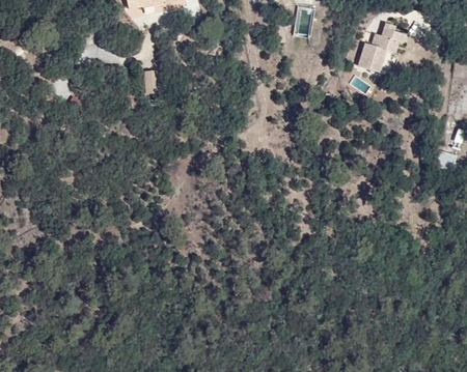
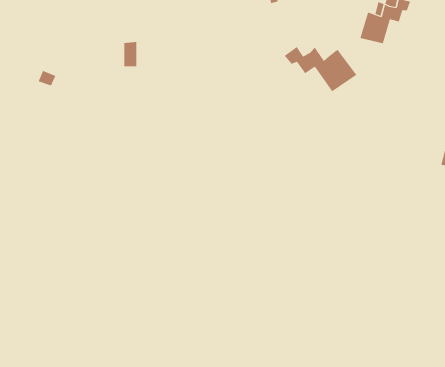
building: none -> [284,46,357,92]

